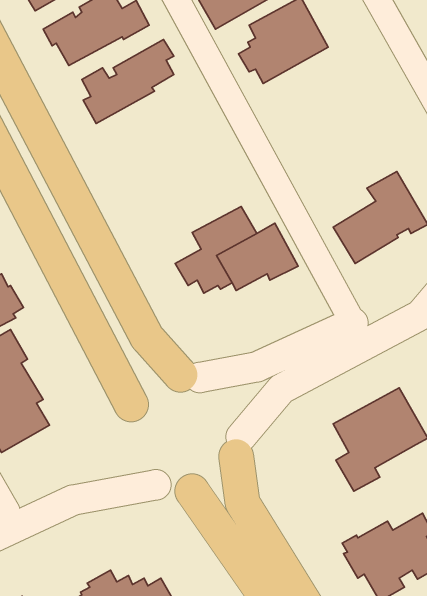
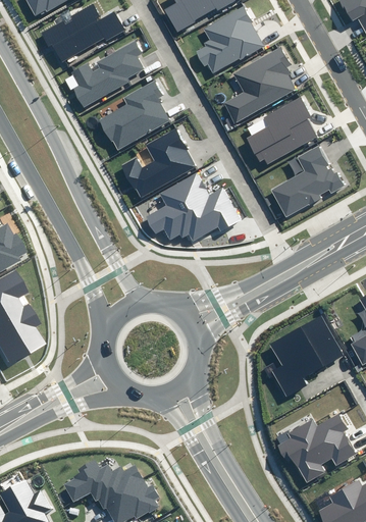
building: none -> [223,48,295,123]
building: none -> [98,81,169,149]
building: none -> [248,98,316,164]
building: none -> [120,130,196,197]

